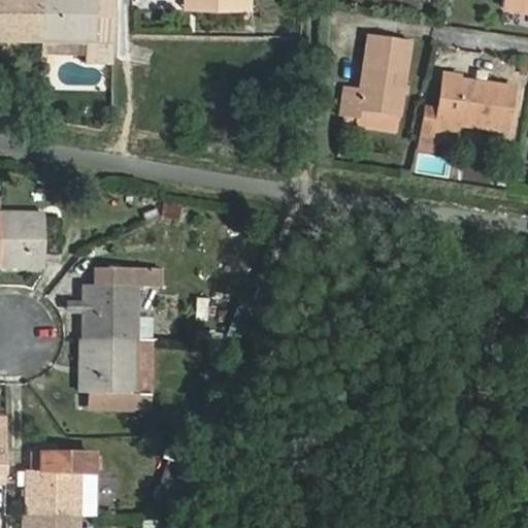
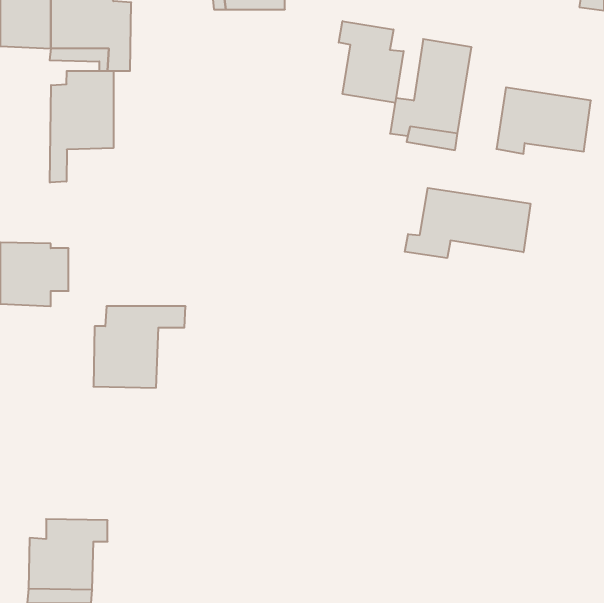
building: none -> [339,21,404,103]
building: none -> [50,71,113,183]
building: none -> [405,188,530,258]
building: [80,337,153,410] -> none

